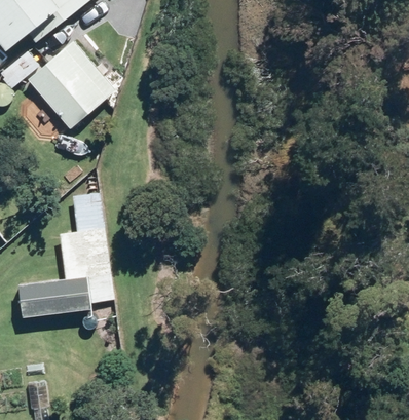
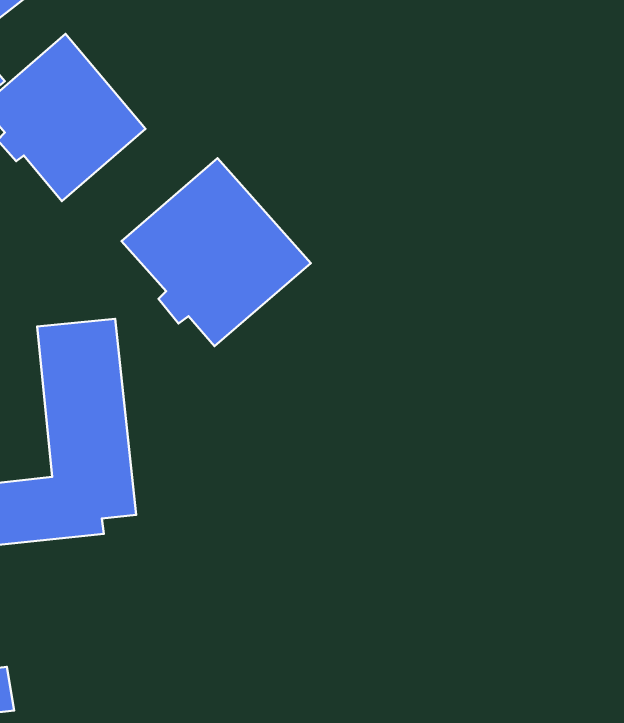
building: none -> [121,158,311,346]

